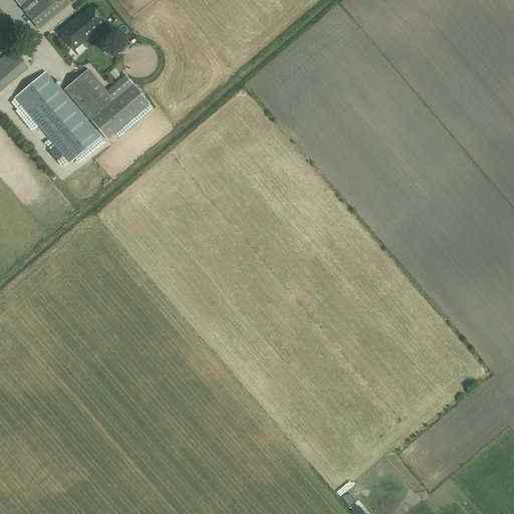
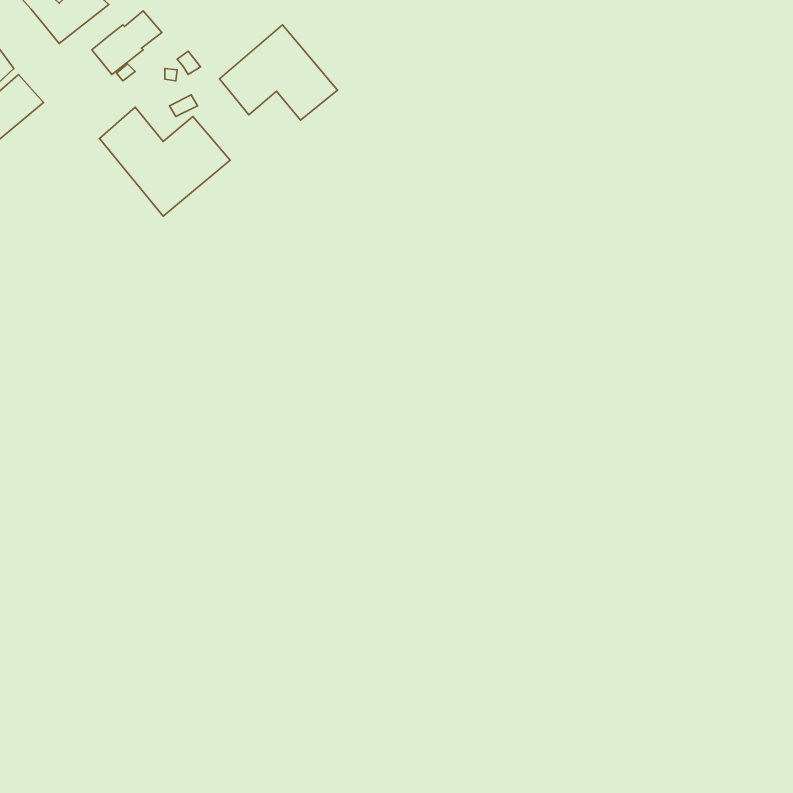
building: none -> [220,25,337,120]
building: [14,71,99,162] -> none

